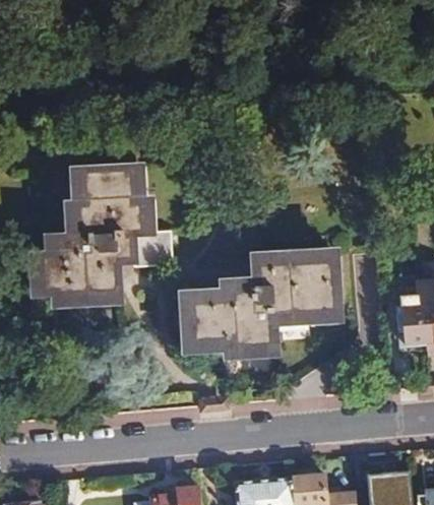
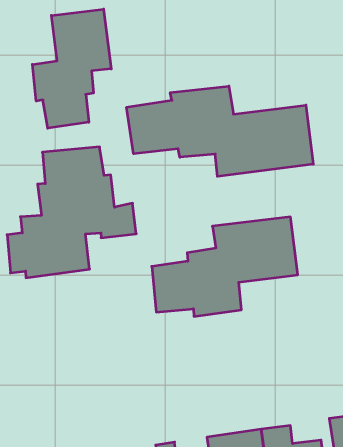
building: none -> [32,9,111,128]
building: none -> [127,86,313,176]

